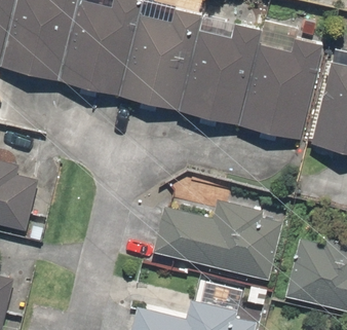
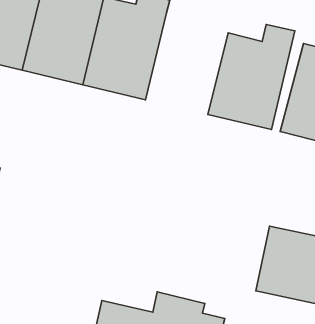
building: [178,25,262,126] -> none
building: [153,200,286,281] -> none

